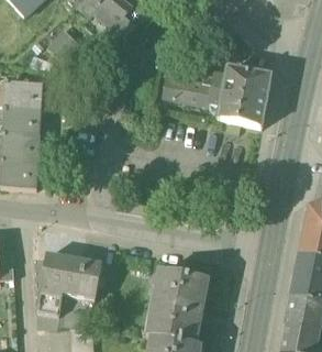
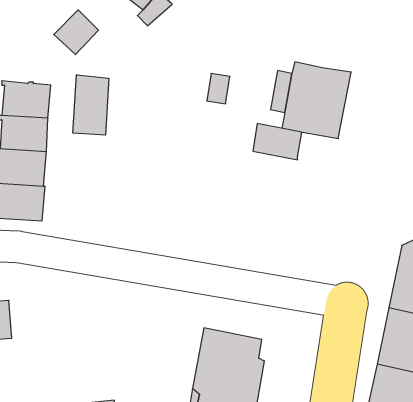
building: none -> [73,75,109,135]
building: [175,78,212,106] -> [253,124,302,160]
building: [35,252,101,314] -> none

